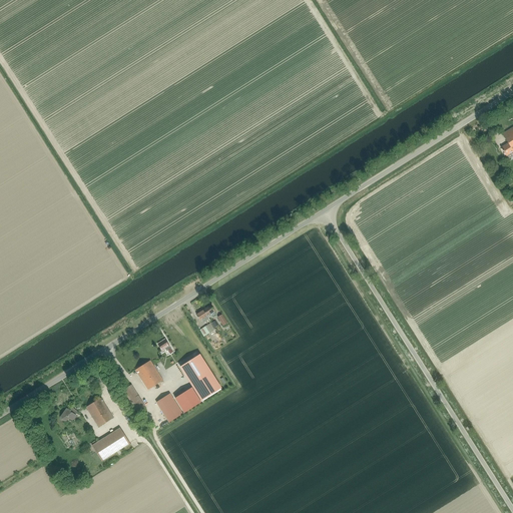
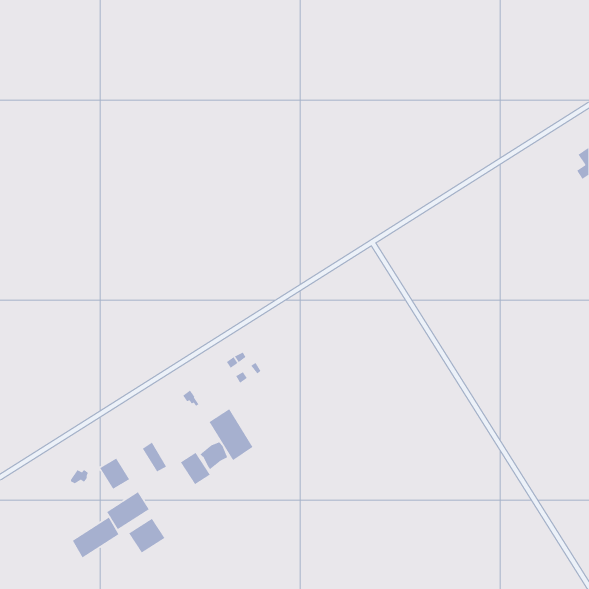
building: [135,361,162,389] -> none
building: none -> [72,517,120,558]
building: none -> [128,518,166,554]

